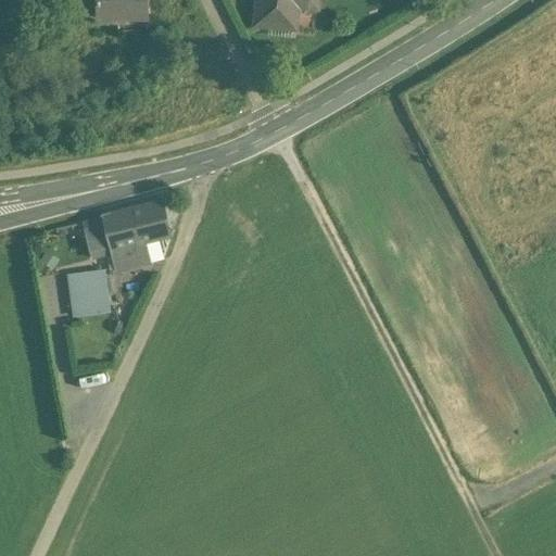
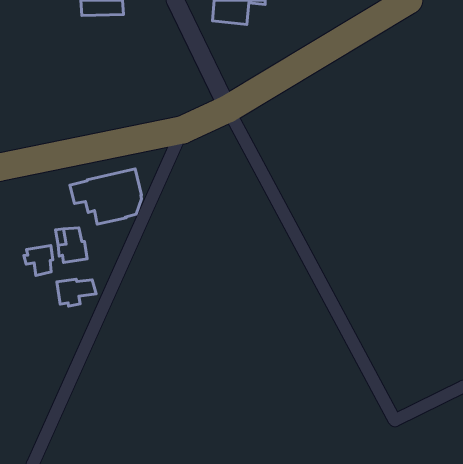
building: none -> [24,246,53,276]
building: none -> [57,279,96,306]

